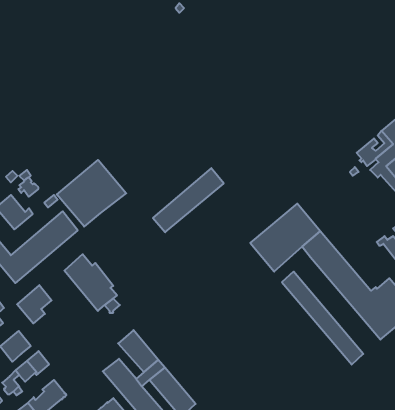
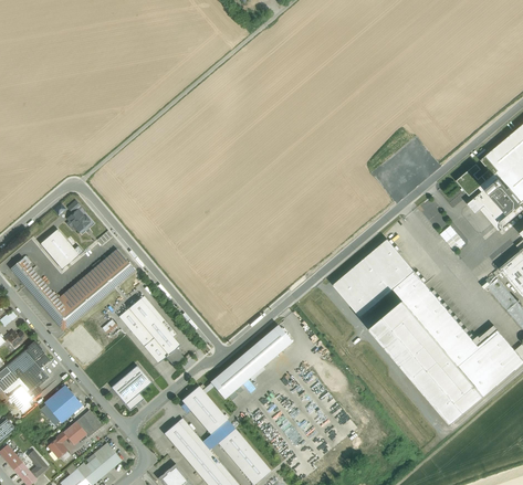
building: [57,160,126,227] -> none
building: [153,168,224,232] -> [210,325,292,399]
building: none -> [384,302,484,413]
building: [17,285,52,323] -> [112,366,151,410]

